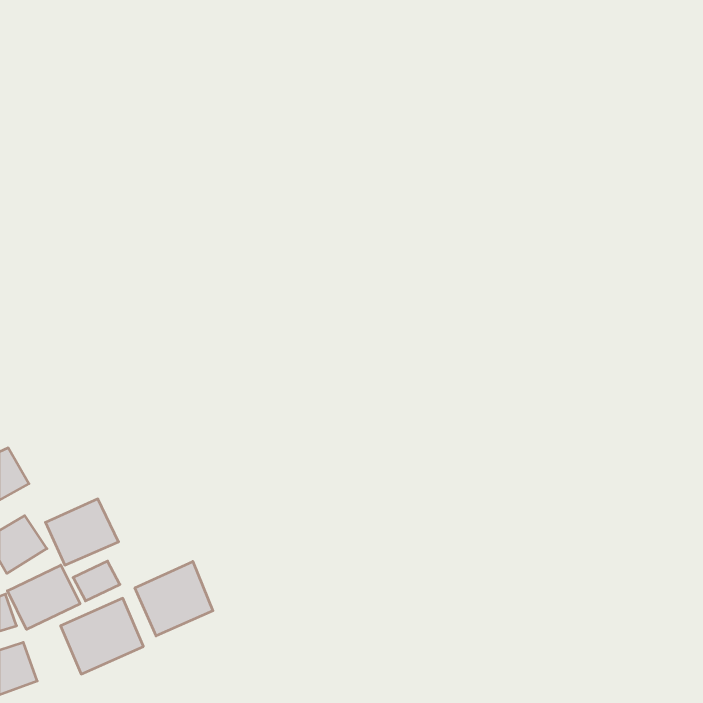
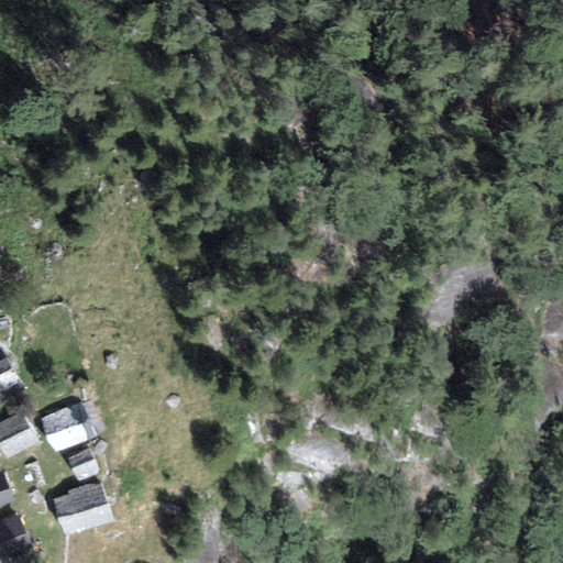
building: [135,561,213,636] -> none
building: [7,565,80,629] -> none

